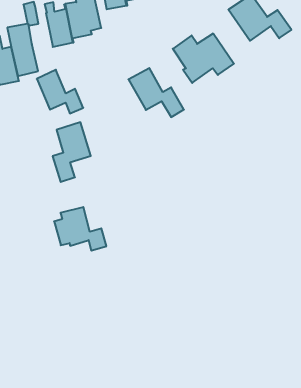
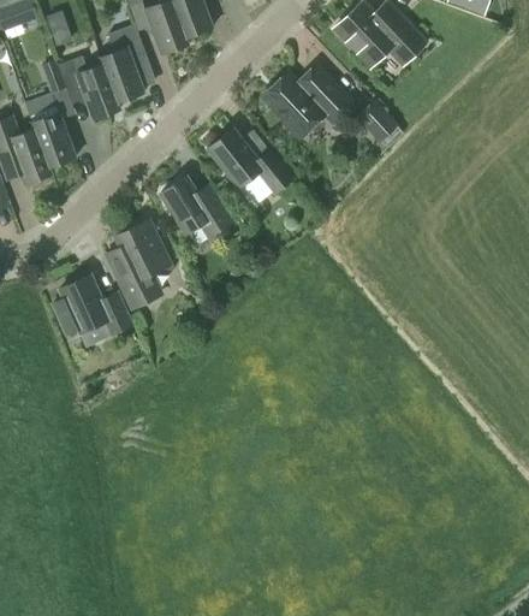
building: none -> [357,99,404,148]
building: [37,70,83,113] -> [161,177,233,236]
building: [54,207,106,251] -> [52,276,131,336]

